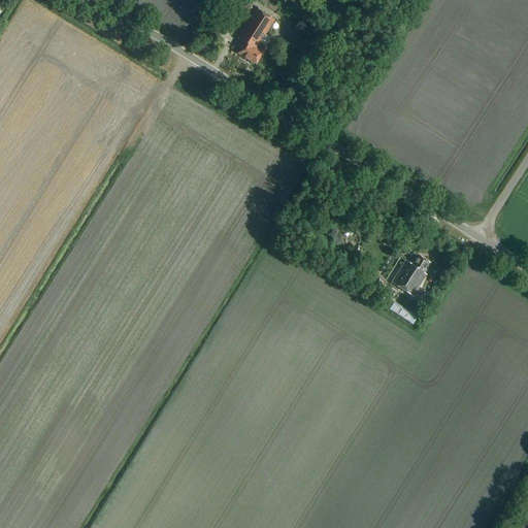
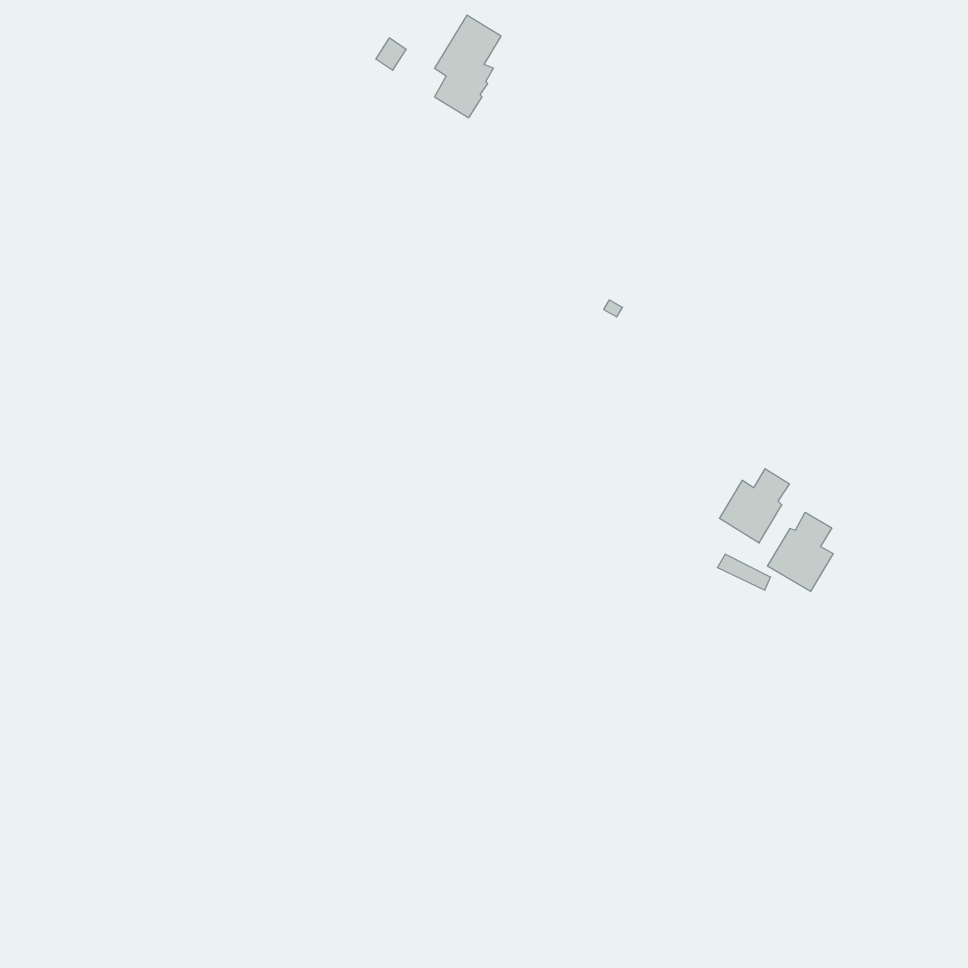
building: none -> [768,512,833,591]

